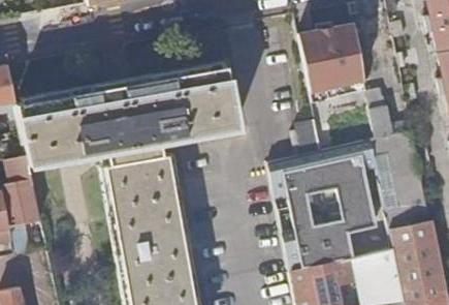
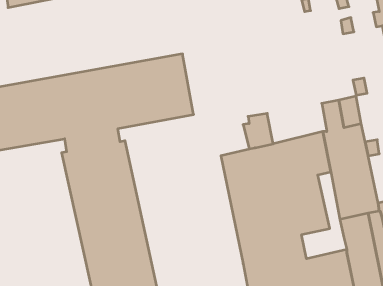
building: [296,23,367,104] -> none

